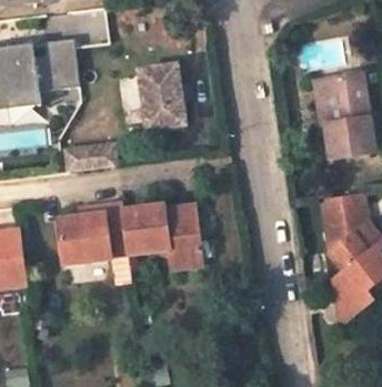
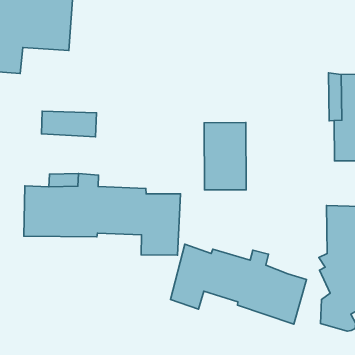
building: [139,65,184,130] -> [204,123,246,190]
building: none -> [170,244,307,324]

